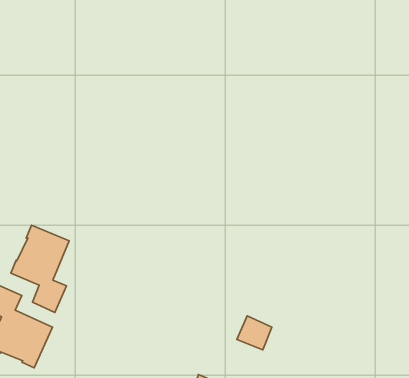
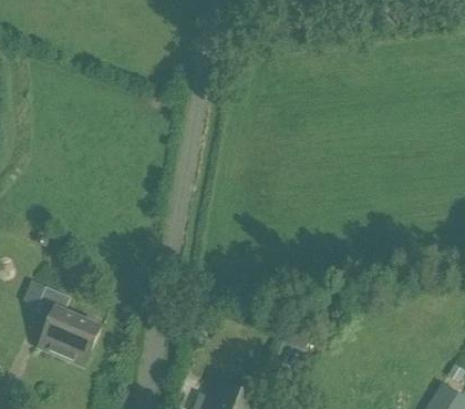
building: [11,225,69,313] -> none

